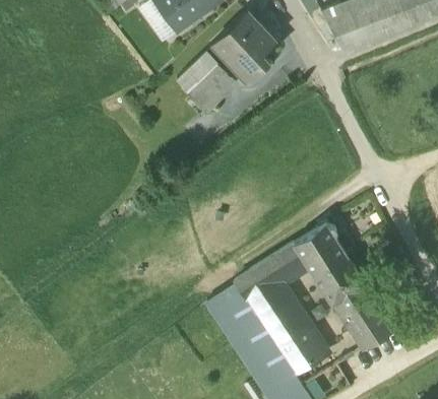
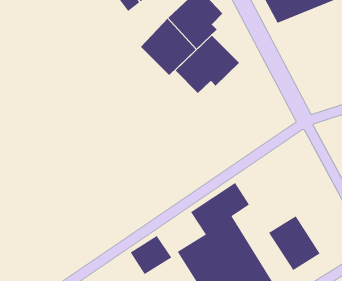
building: none -> [175,35,240,94]
building: [293,223,367,308] -> none
building: [203,282,255,331] -> [130,235,172,275]

